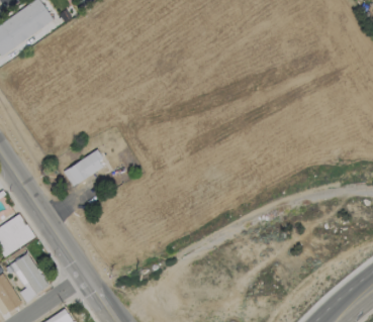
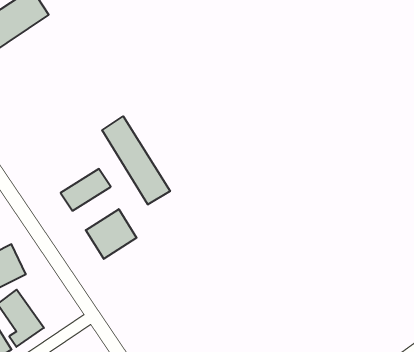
building: none -> [102,116,170,205]
building: none -> [86,209,137,259]

